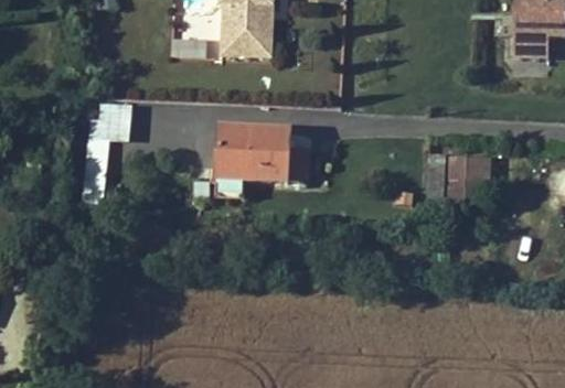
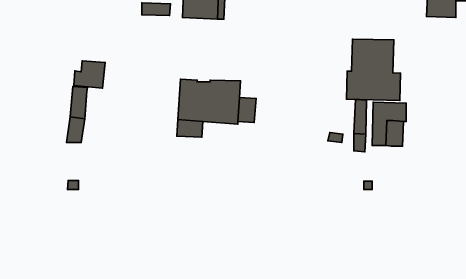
building: none -> [346,39,400,101]

